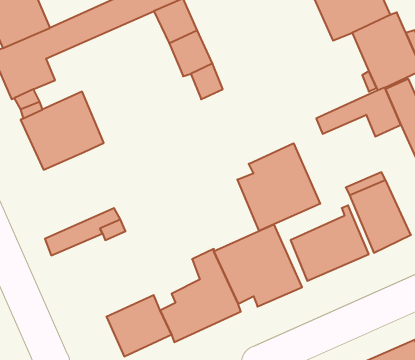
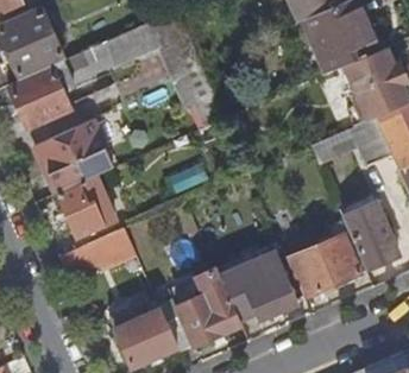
building: [237,143,320,231] -> none
building: none -> [57,177,115,240]

